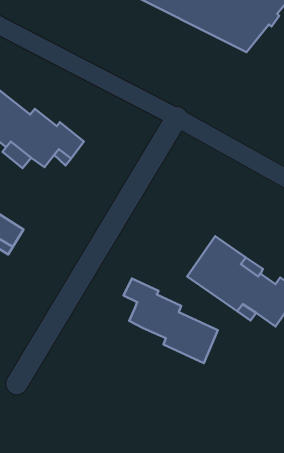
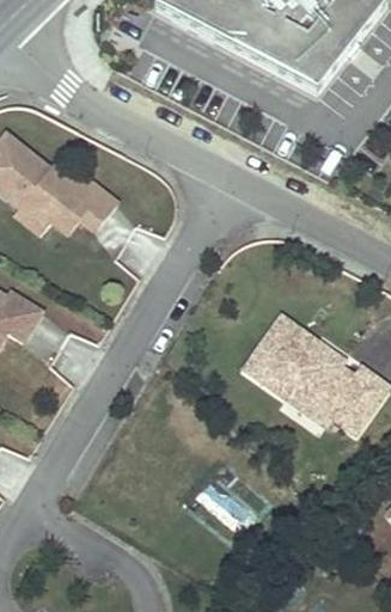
building: [124,279,218,363] -> none

